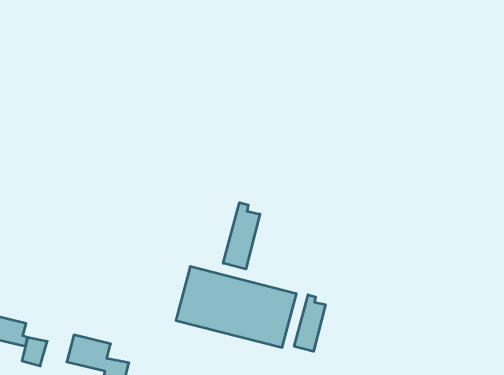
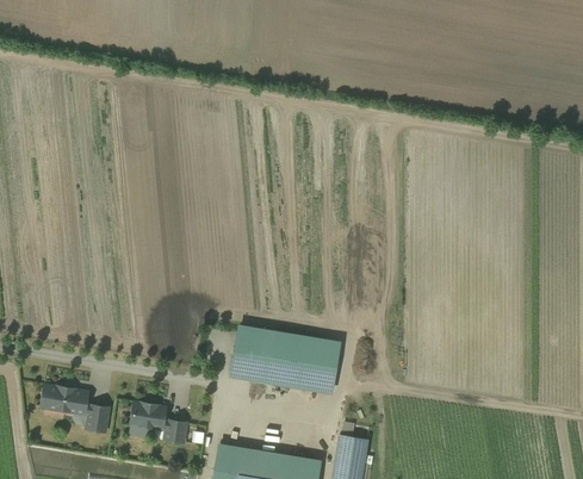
building: [223,203,260,269] -> none
building: [294,295,325,351] -> none

